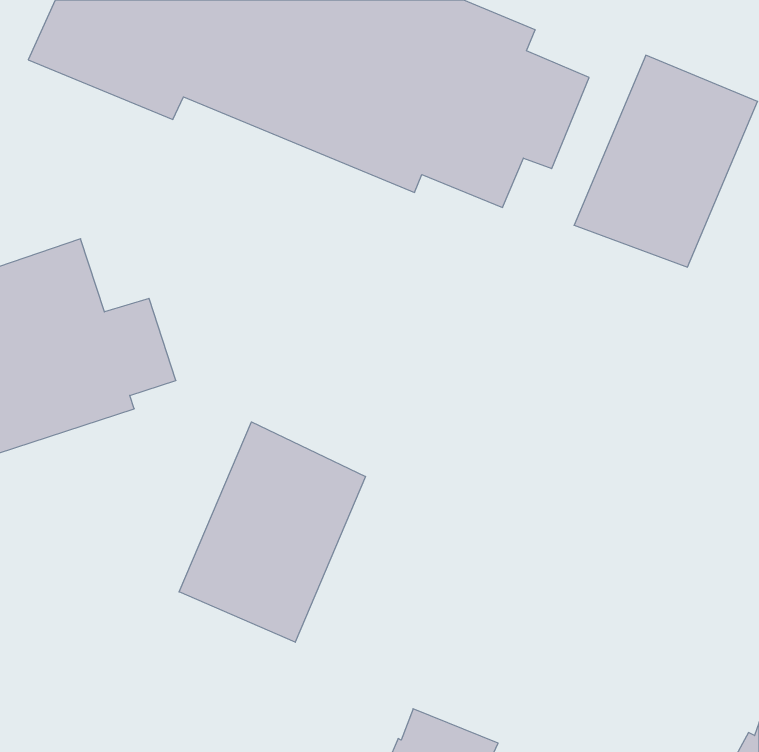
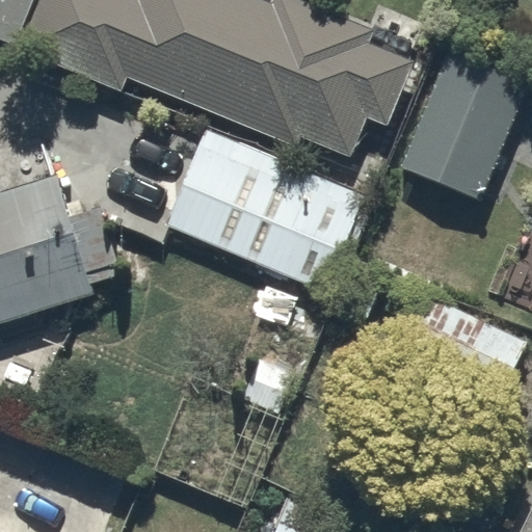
building: none -> [164,128,368,293]
building: [179,422,365,642] -> none

